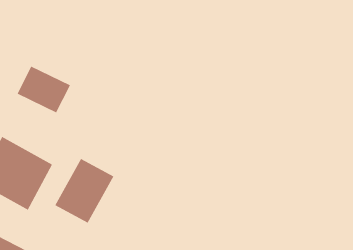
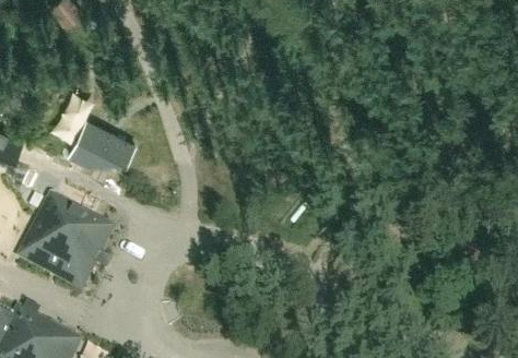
building: [55,158,114,223] -> none

